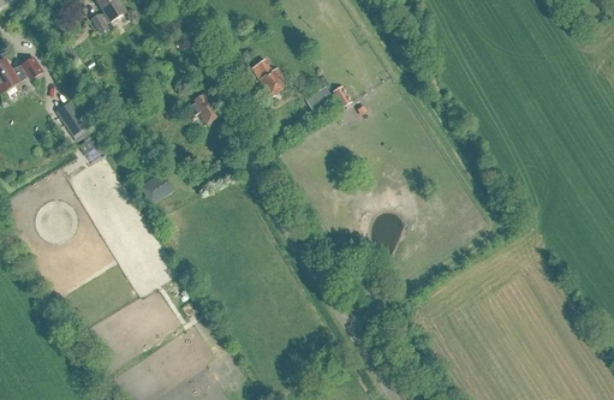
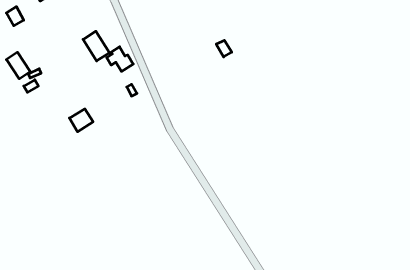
building: [252,60,288,95] -> none
building: none -> [83,31,109,61]

